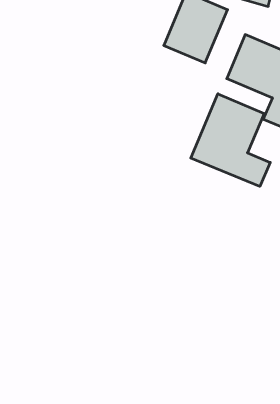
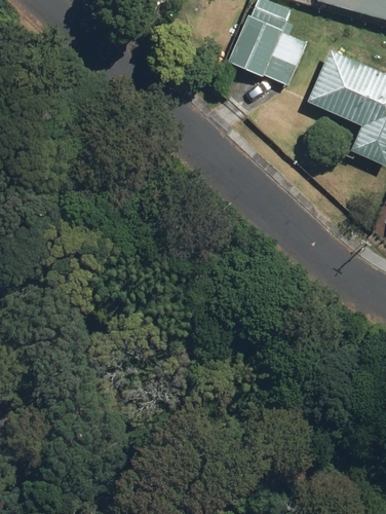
building: [191,94,270,186] -> none

